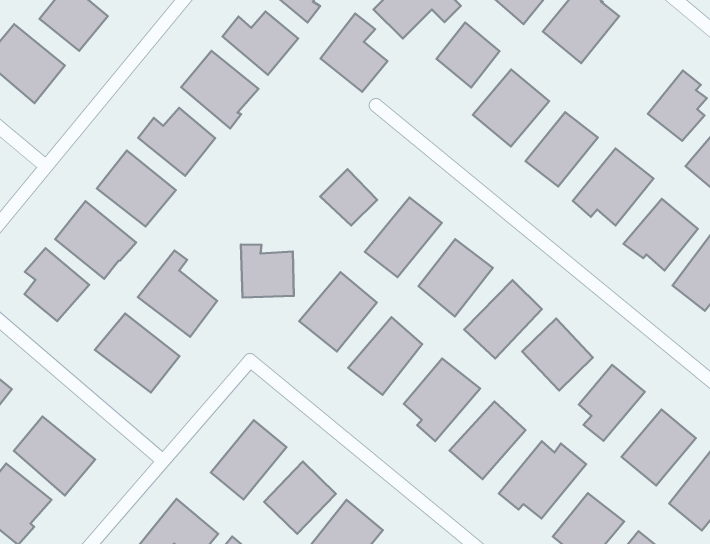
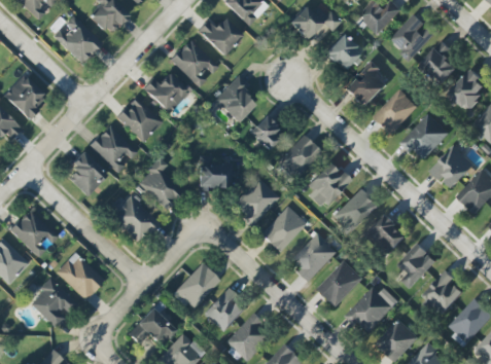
building: [320,13,387,92] -> [214,74,254,121]
building: none -> [422,41,457,83]

